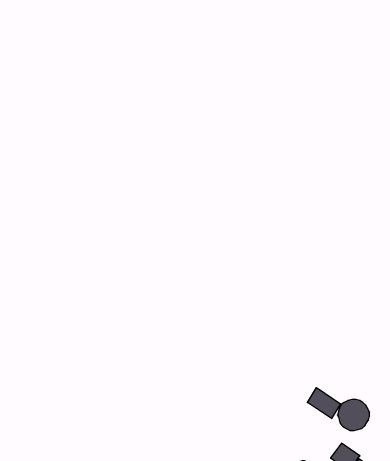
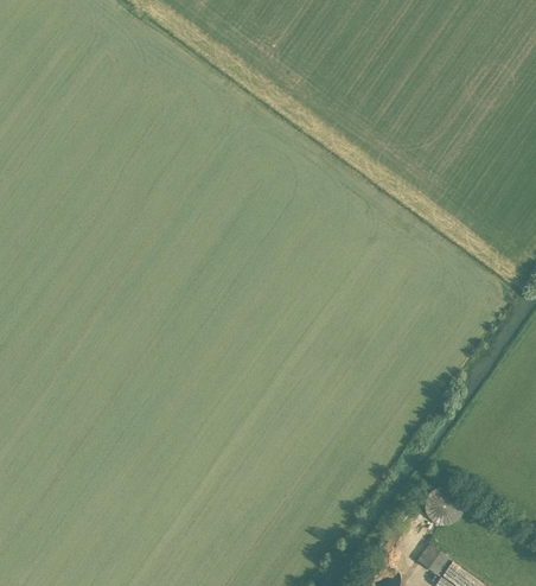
building: [307,388,341,419] -> none

